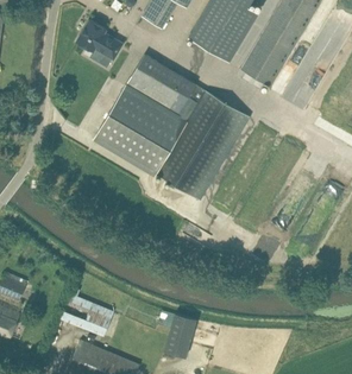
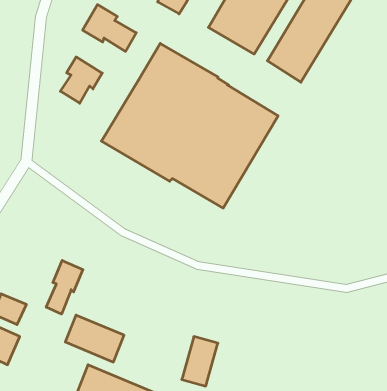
building: none -> [60,57,102,103]
building: none -> [46,260,83,314]

